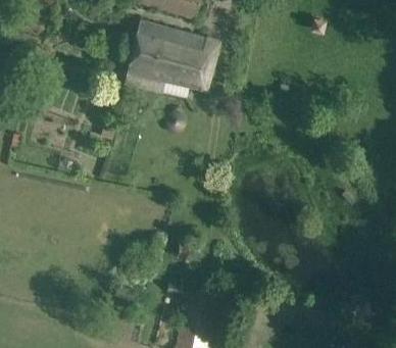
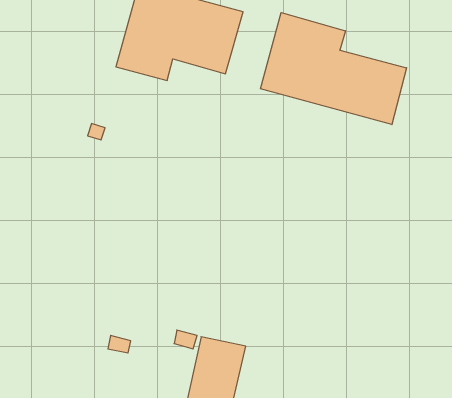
building: none -> [260,13,407,125]

